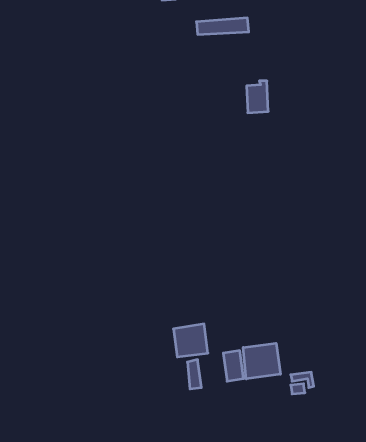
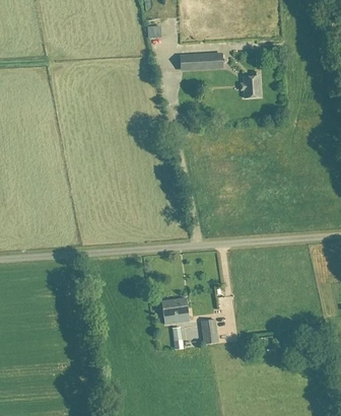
building: [247,81,268,113] -> [243,72,260,97]
building: [243,343,280,379] -> none

